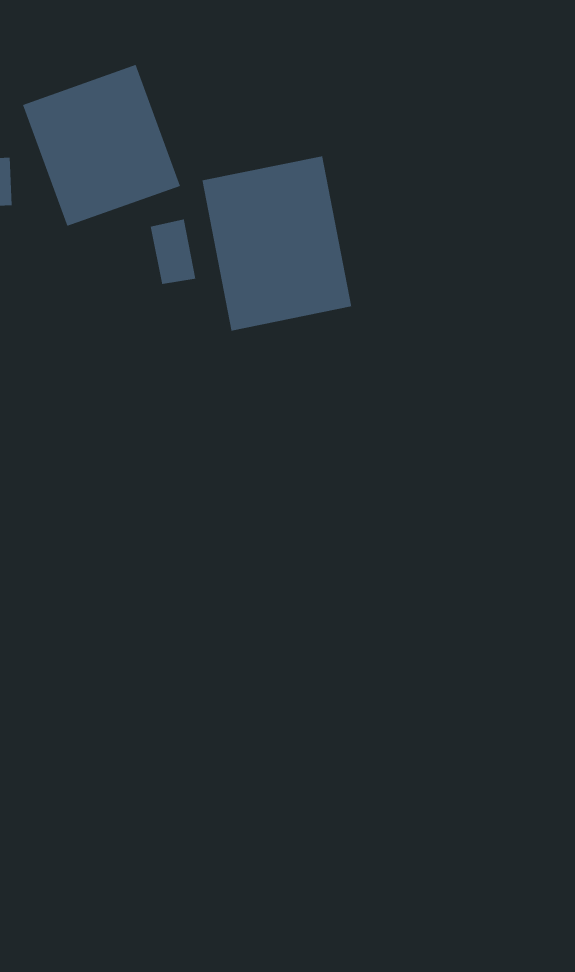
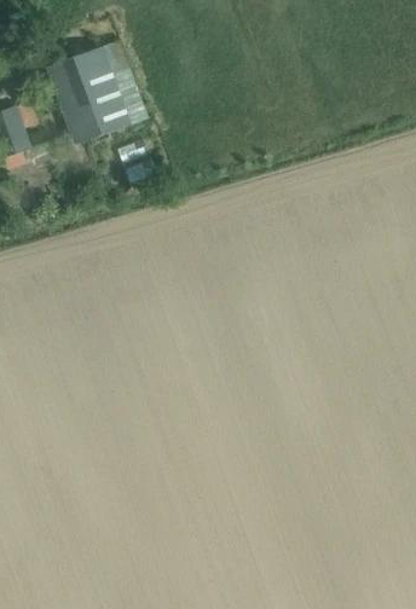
building: [202,155,352,331] -> none

